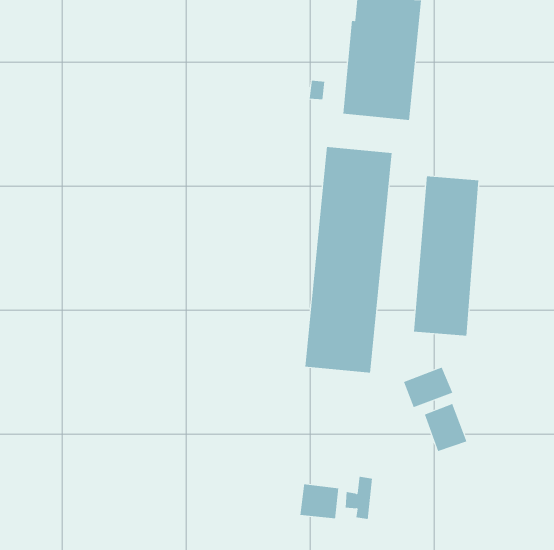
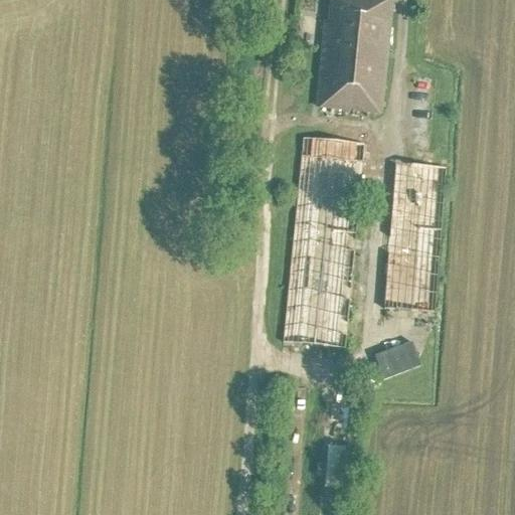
building: [424,403,467,452] -> none
building: [300,484,339,519] -> none

